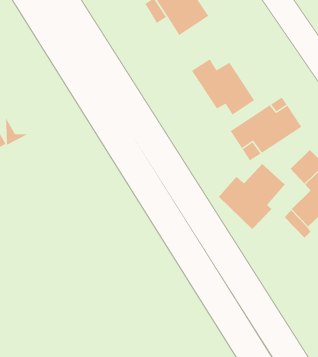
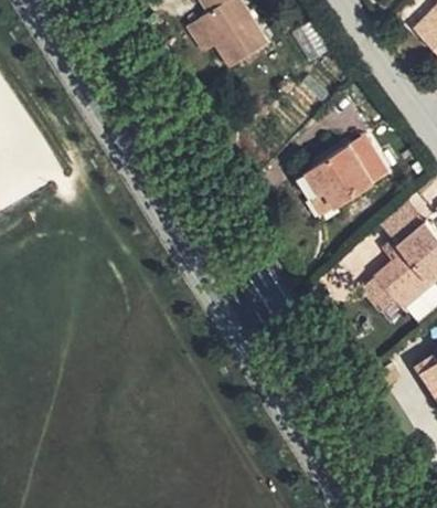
building: [191,59,255,115] -> none
building: [218,163,286,230] -> none

